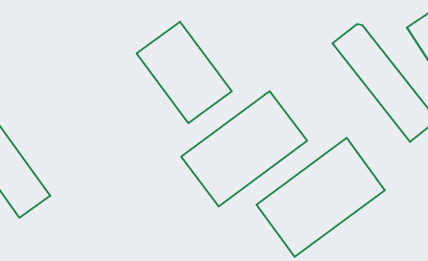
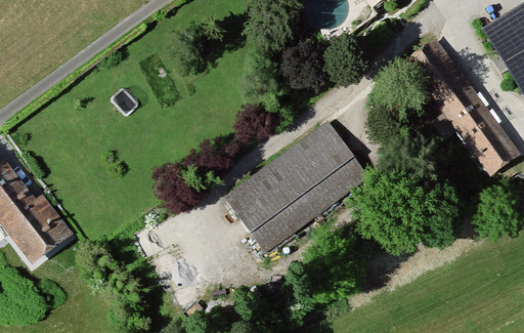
building: [137,22,232,123] -> none
building: [256,138,385,257] -> none

